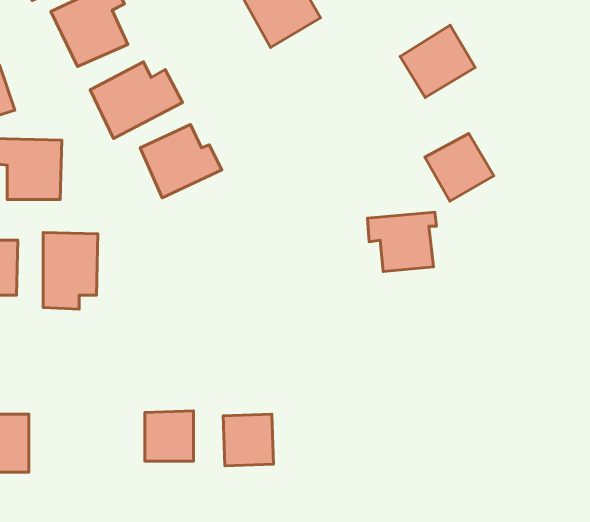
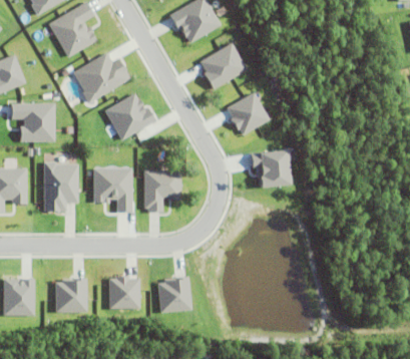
building: [400,25,475,97] -> [198,42,247,88]
building: [425,134,494,201] -> [226,92,270,135]
building: none -> [92,167,132,213]
building: none -> [143,170,181,212]
building: none -> [54,280,87,312]

